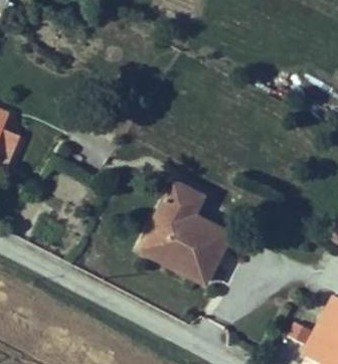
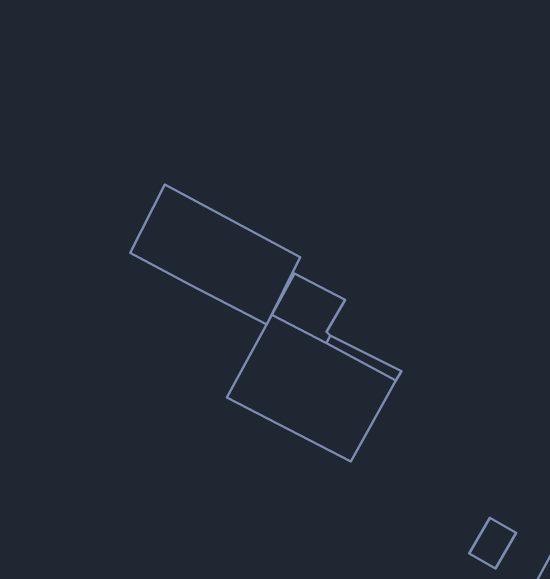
building: none -> [130,185,300,325]

